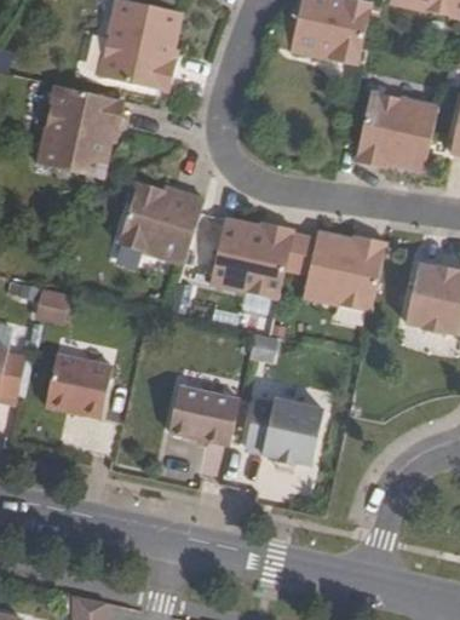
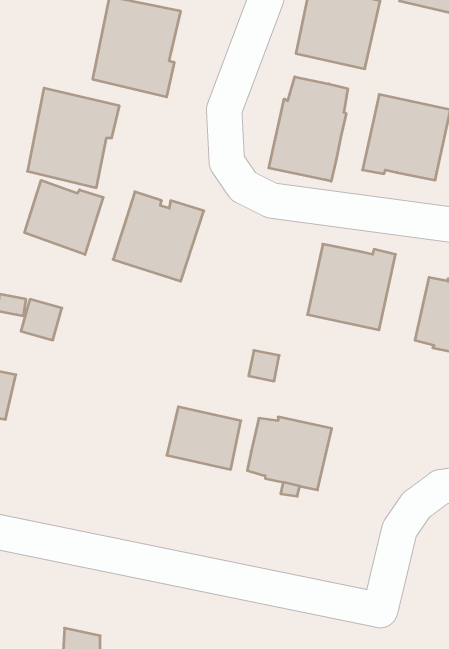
building: none -> [269,77,348,181]
building: none -> [25,180,103,255]
building: [208,223,292,304] -> none
building: [45,352,113,418] -> none

